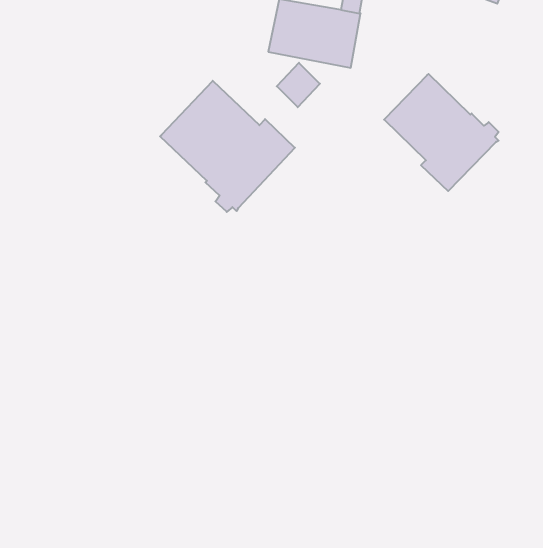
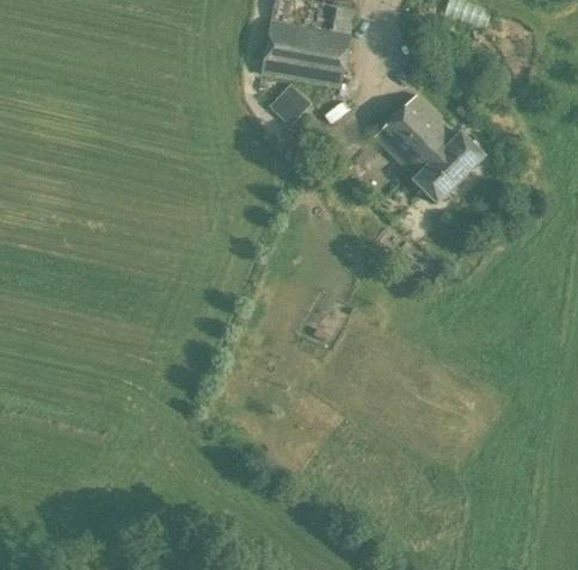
building: [160,81,295,212] -> none

